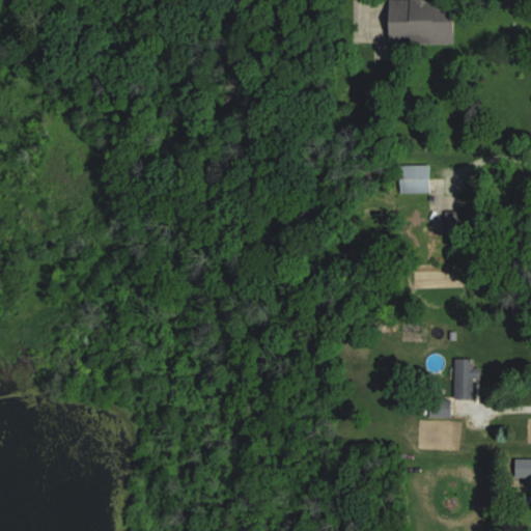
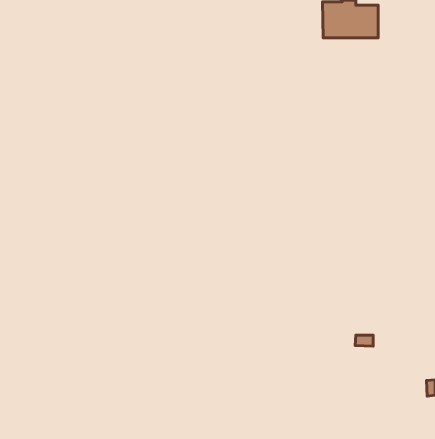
building: [402,165,430,193] -> none
building: [452,359,478,398] -> none

